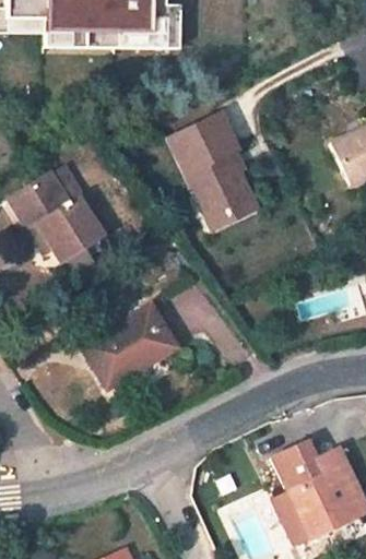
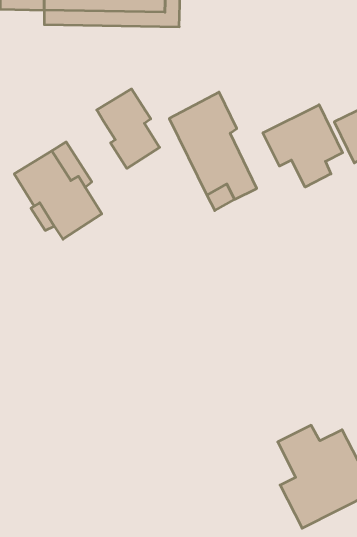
building: none -> [97,89,160,168]
building: none -> [263,105,343,187]
building: [83,306,176,388] -> none

